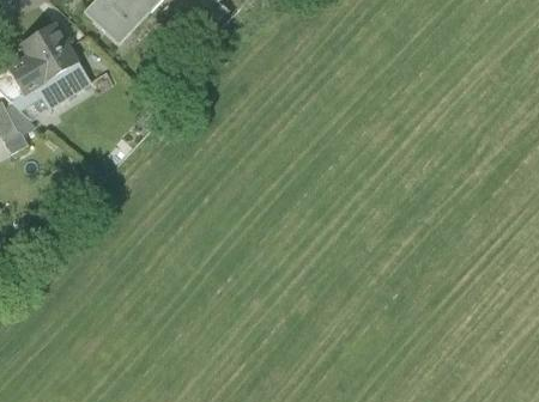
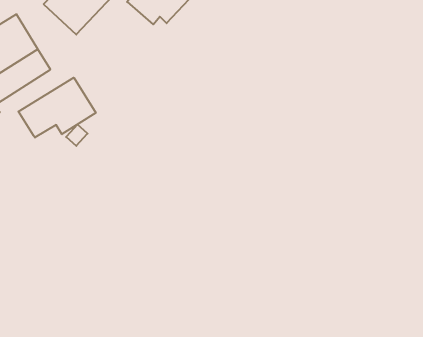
building: none -> [18,78,96,138]

